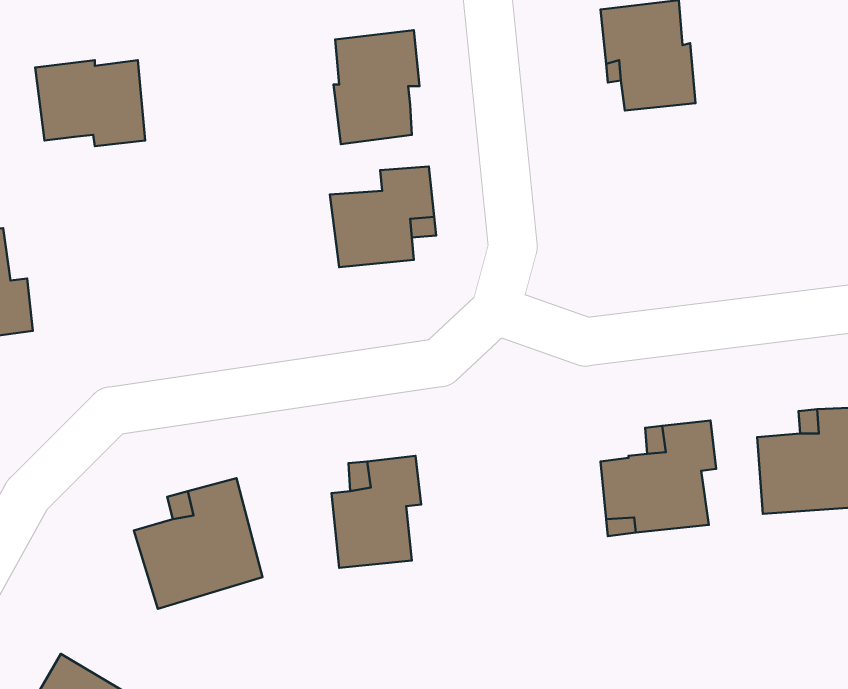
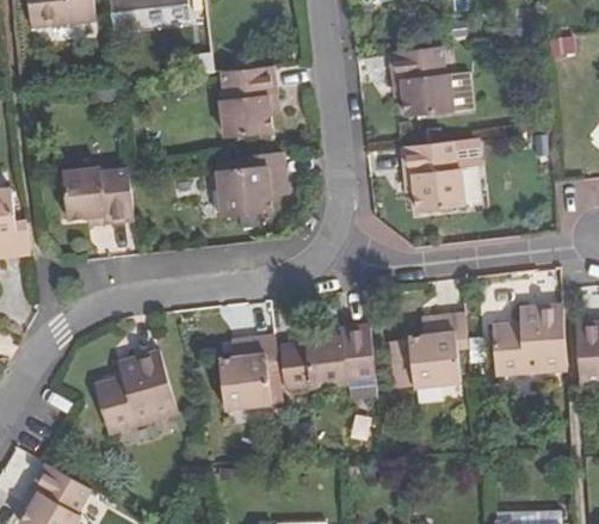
building: [35,60,145,146] -> [63,168,134,223]
building: none -> [403,143,465,210]
building: none -> [283,326,377,399]

